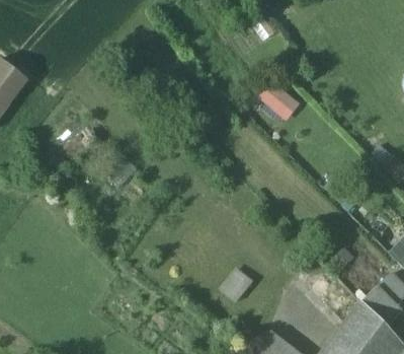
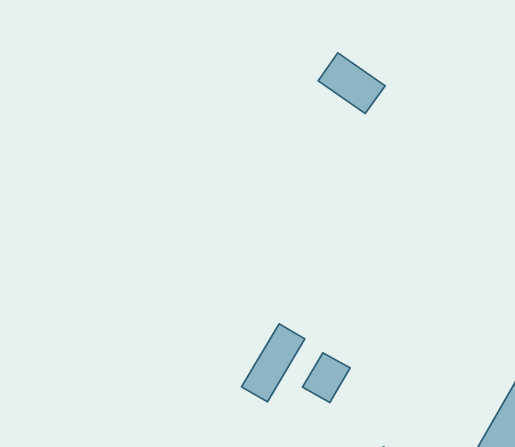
building: none -> [242,324,305,402]

